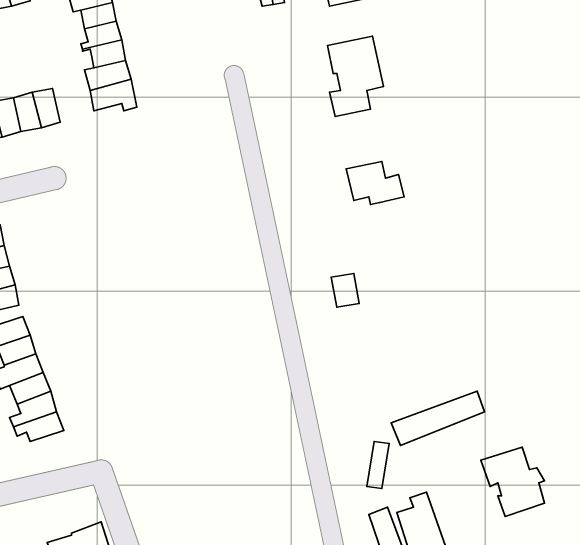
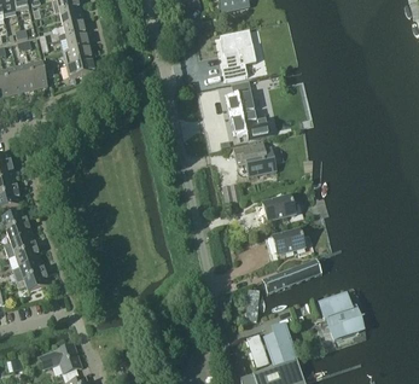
building: none -> [228,80,255,114]
building: none -> [233,141,277,176]
building: none -> [262,194,295,220]
building: none -> [272,227,304,254]

